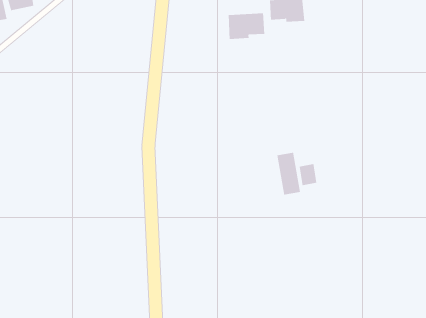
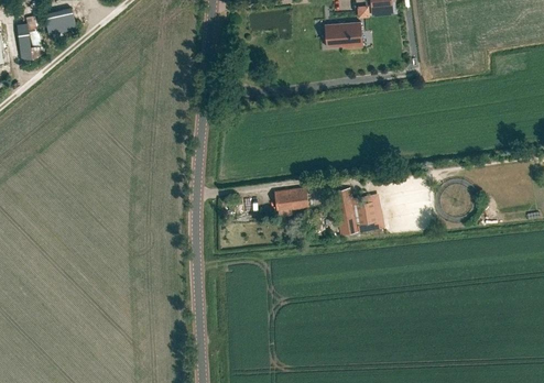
building: [228,12,265,40] -> none
building: none -> [276,188,308,209]

